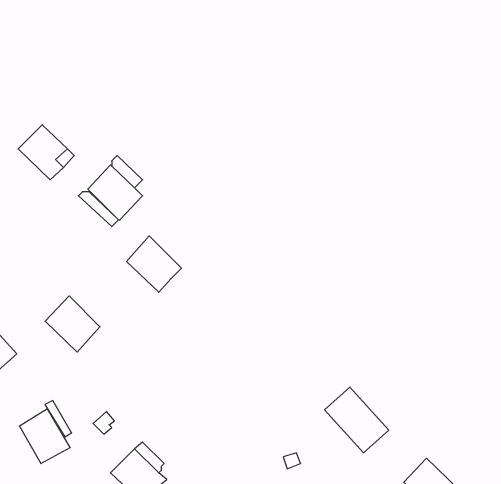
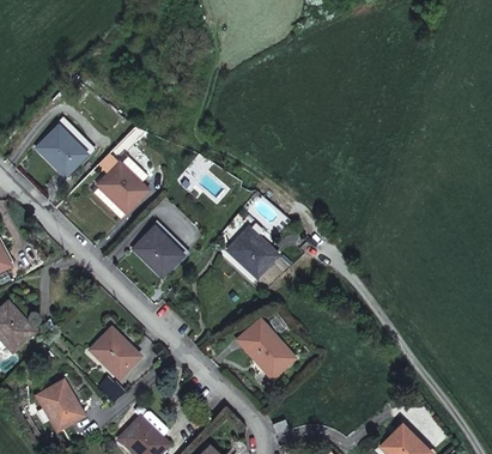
building: none -> [227,228,277,277]
building: [45,296,100,352] -> [90,327,139,377]
building: [325,387,389,453] -> [237,319,294,377]

